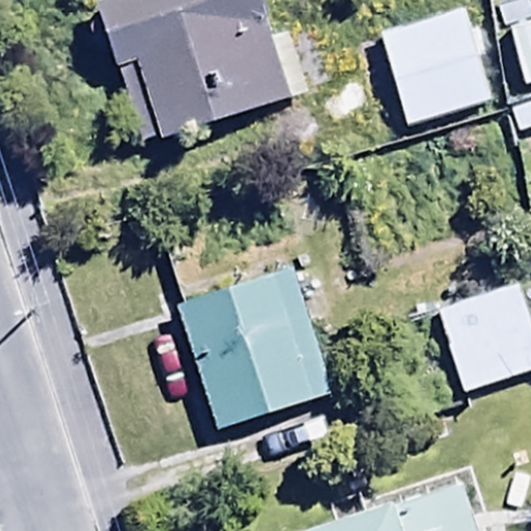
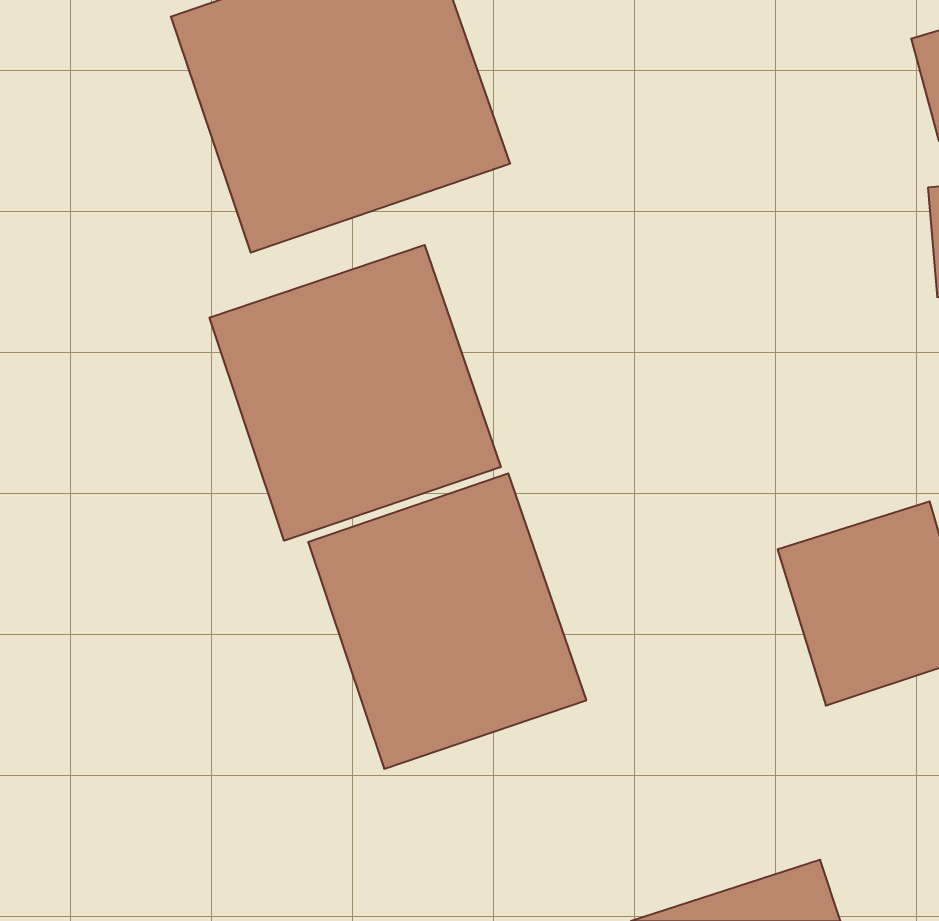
building: [382,5,492,130] -> none
building: none -> [210,245,501,541]

